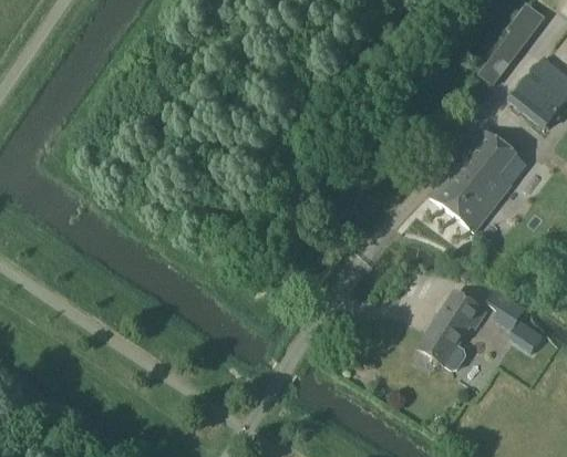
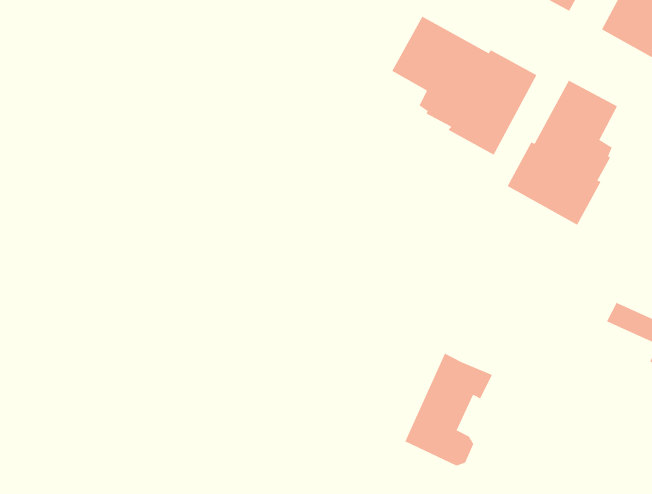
building: none -> [392,16,537,155]
building: [419,291,486,370] -> [404,353,493,466]

